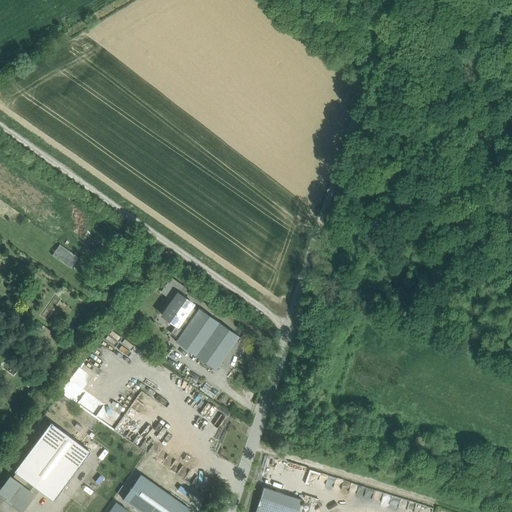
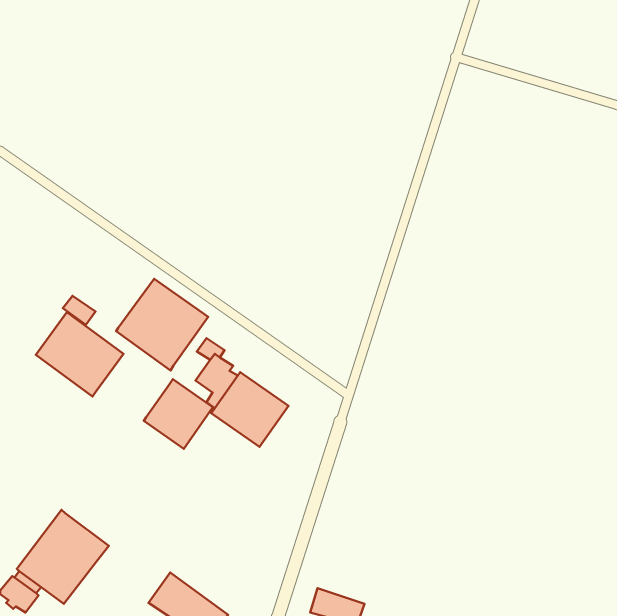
building: none -> [116,279,208,370]
building: none -> [36,312,124,397]
building: none -> [144,379,213,449]

